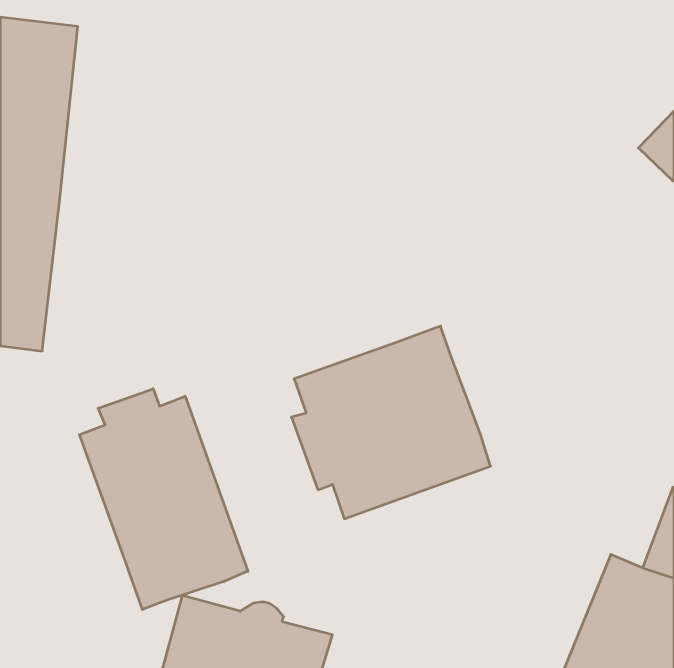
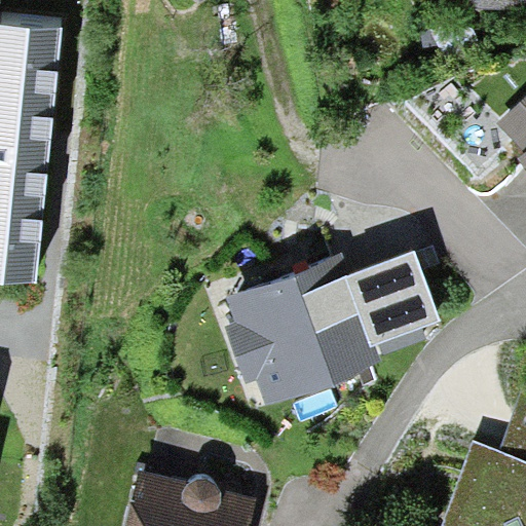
building: none -> [351,259,440,358]
building: [79,389,248,610] -> none

